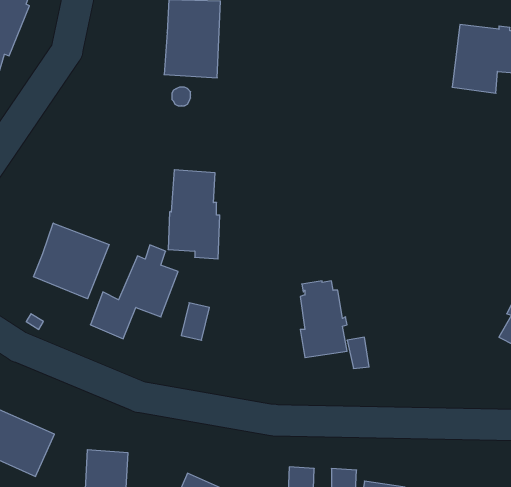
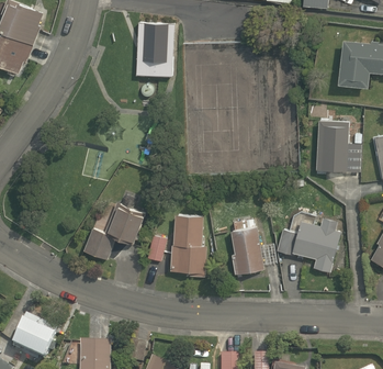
building: none -> [315,119,361,171]
building: [168,170,220,259] -> [170,213,206,276]
building: [34,223,109,299] -> none
building: none -> [277,216,341,271]

